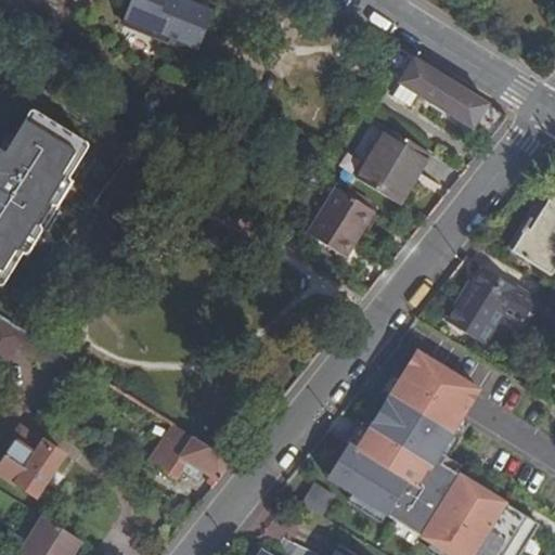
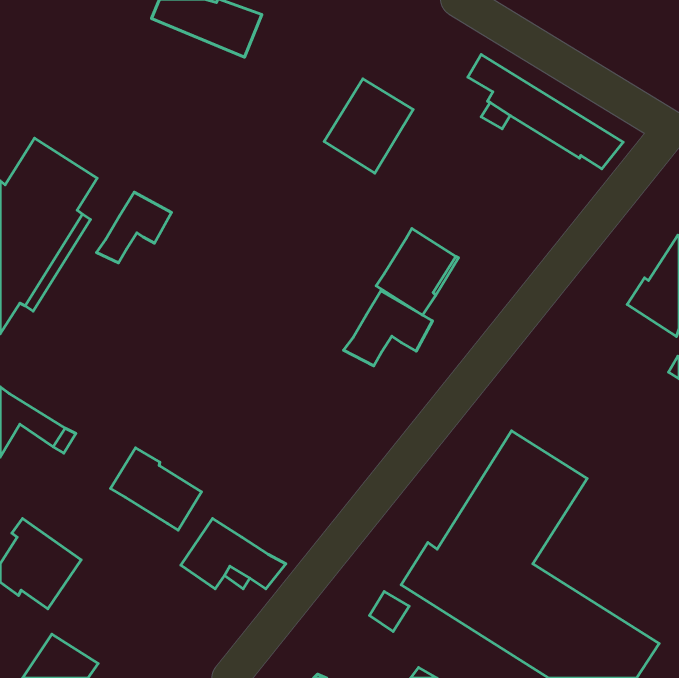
building: [357,127,429,204] -> [324,79,413,173]
building: none -> [96,192,171,263]
building: none -> [343,291,433,366]
building: [447,267,537,344] -> none
building: none -> [111,448,201,530]

